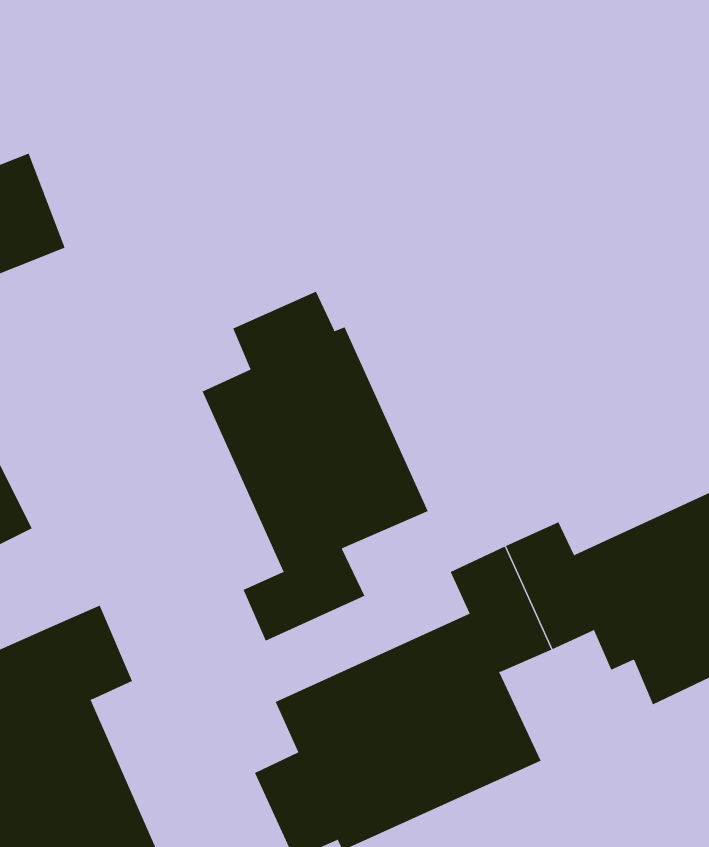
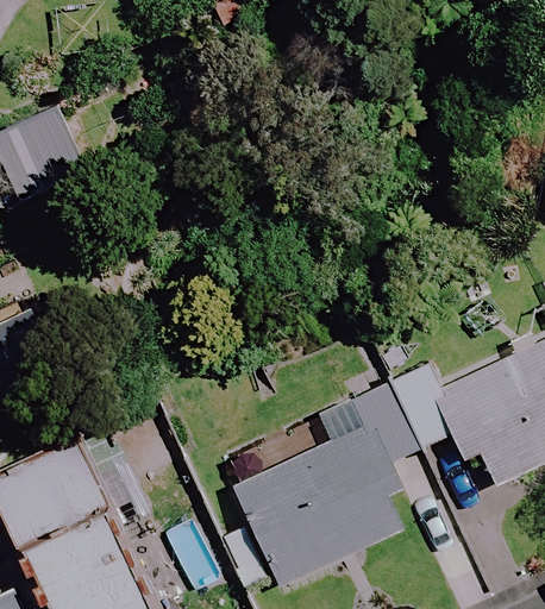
building: [202,291,429,642] -> none

